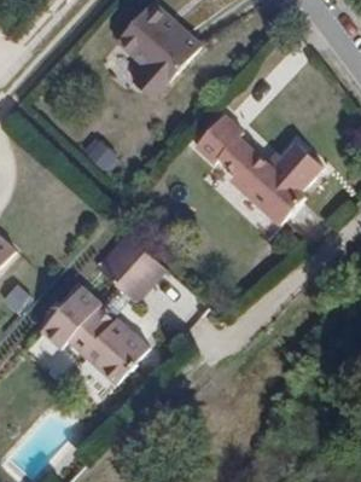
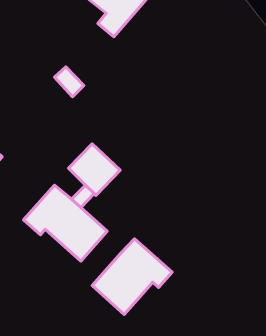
building: [197,112,321,222] -> none
building: none -> [92,239,172,315]

